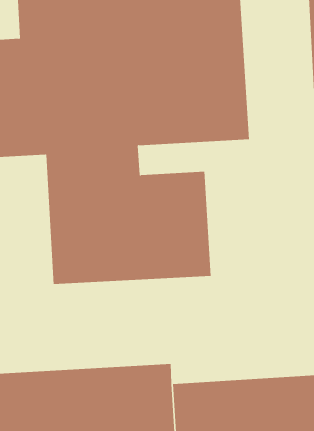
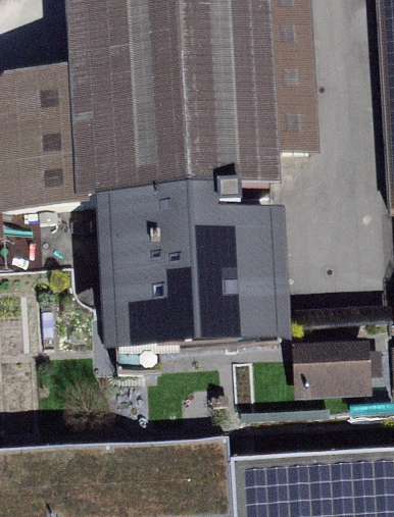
building: none -> [295,339,374,400]

